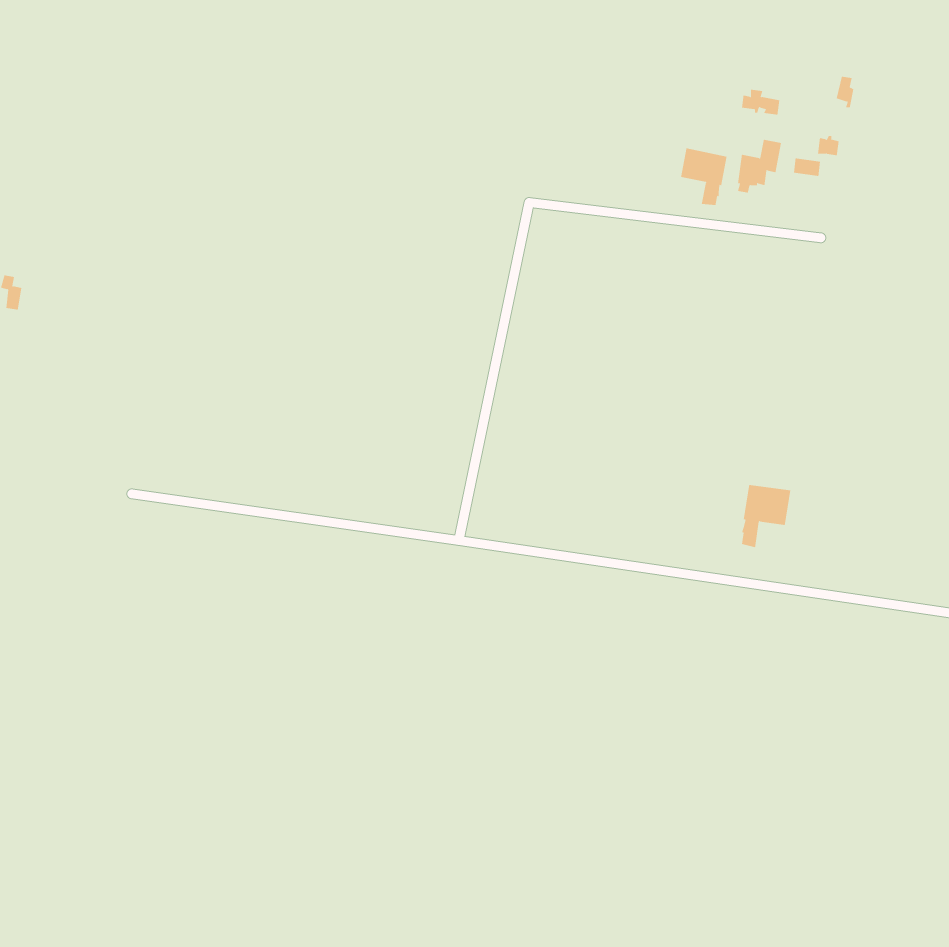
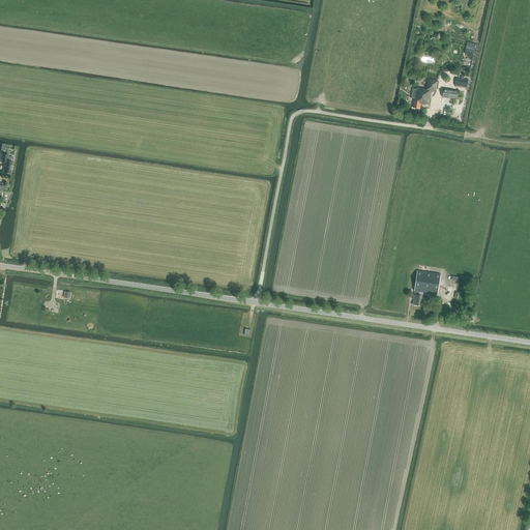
building: [681,148,727,206] -> none

